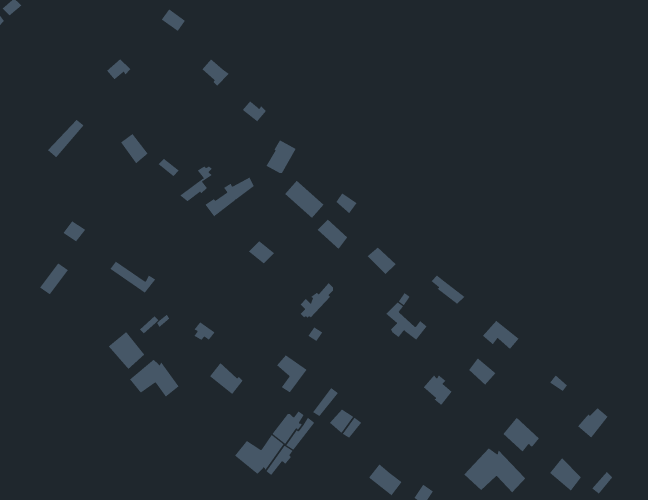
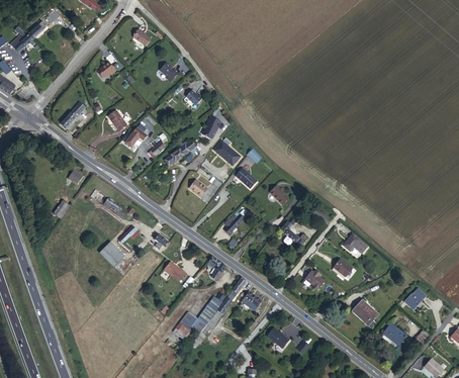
building: [129,359,180,398] -> none
building: [464,447,527,493] -> none

